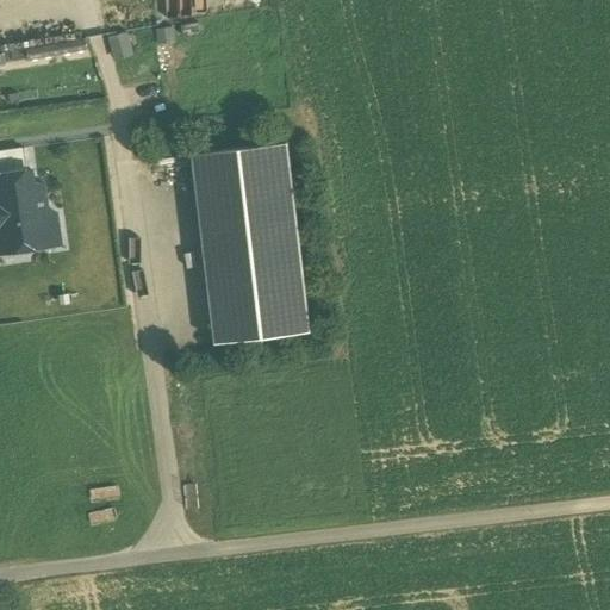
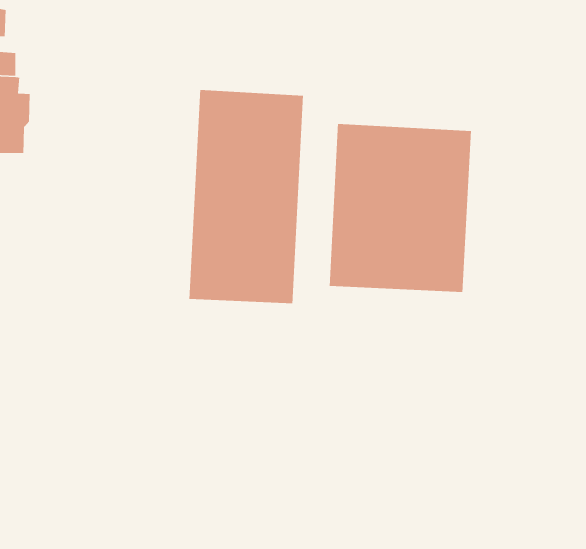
building: none -> [329,123,472,293]

